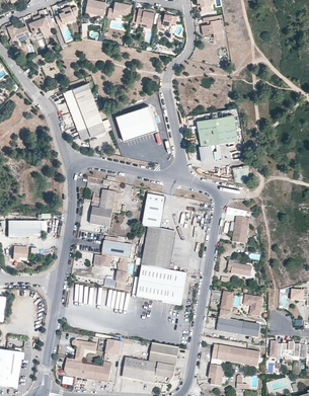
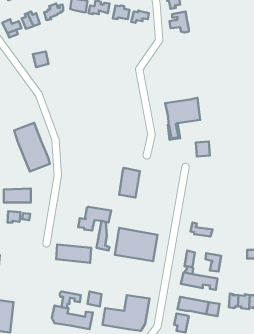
building: [65,83,106,140] -> [14,123,50,172]
building: [117,105,157,140] -> none
building: [91,191,114,226] -> none
building: [231,217,249,245] -> none
building: [143,228,177,270] -> none

